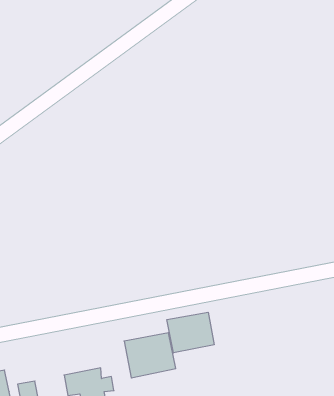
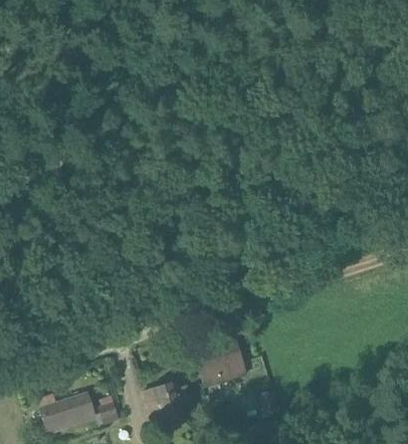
building: [167,312,214,353] -> none

